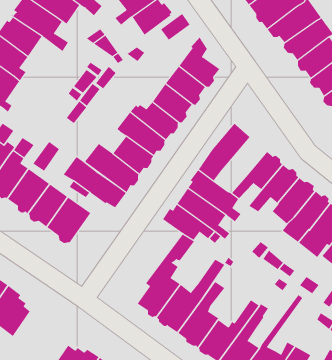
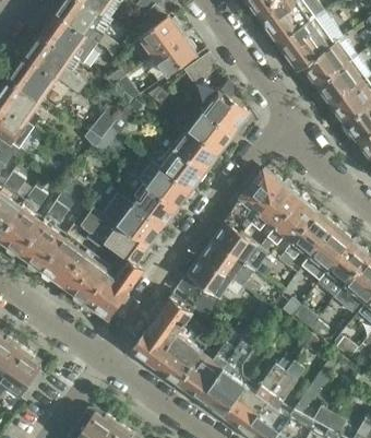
building: none -> [251,187,299,230]
building: none -> [87,258,143,322]
building: none -> [134,275,208,366]

